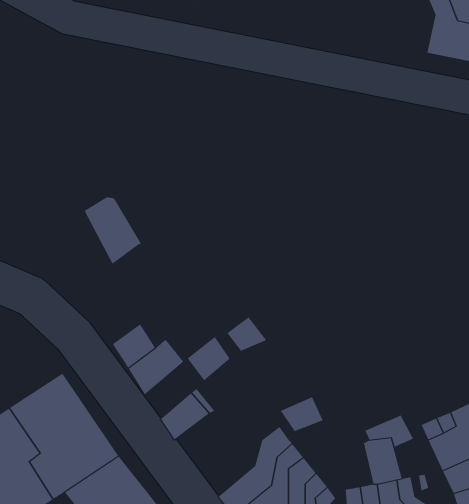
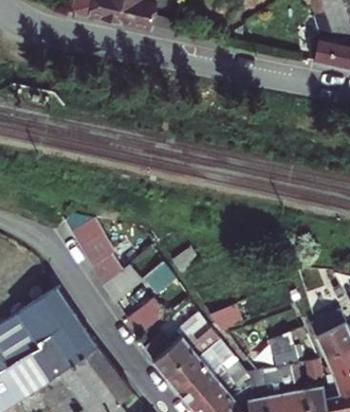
building: [84,197,142,265] -> [72,219,113,267]
building: none -> [143,313,210,376]

